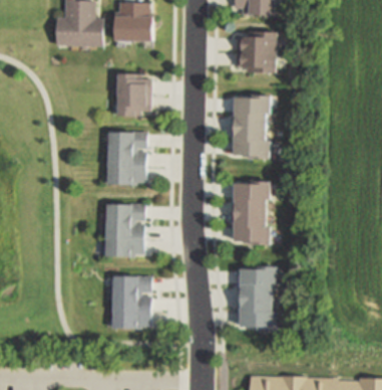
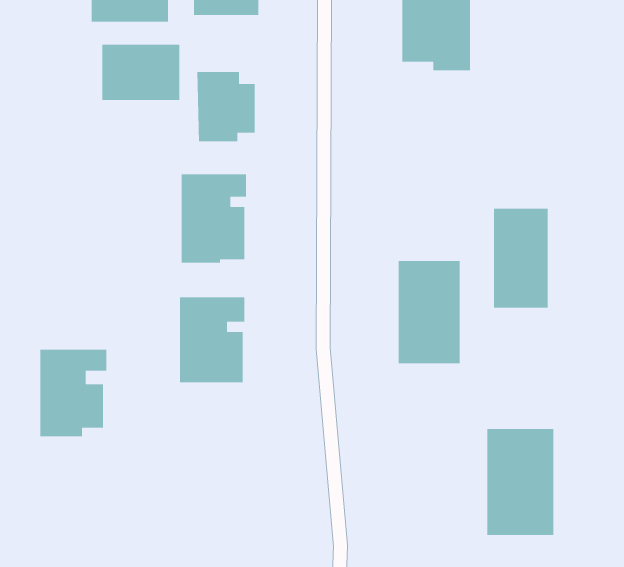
building: none -> [102,44,180,101]
building: [235,99,267,157] -> [493,208,549,308]
building: [238,268,277,331] -> [486,428,554,536]
building: [112,276,151,328] -> [39,349,107,437]

